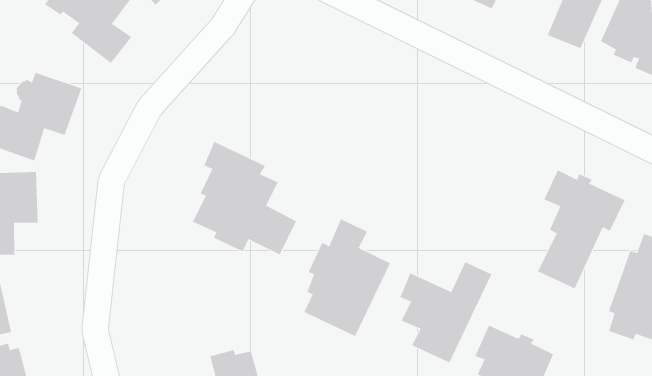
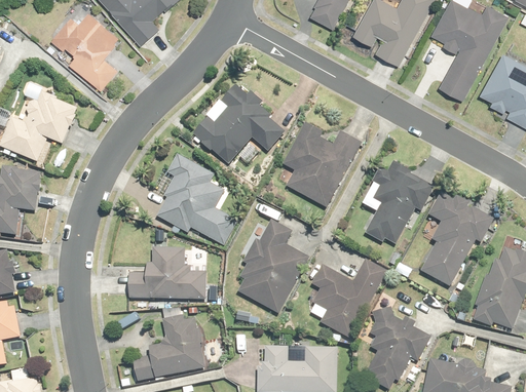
building: none -> [194,84,284,162]
building: none -> [284,123,361,206]
building: none -> [362,165,435,244]
building: none -> [128,246,205,301]

